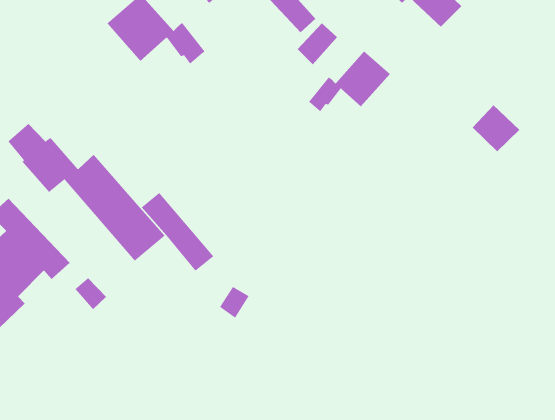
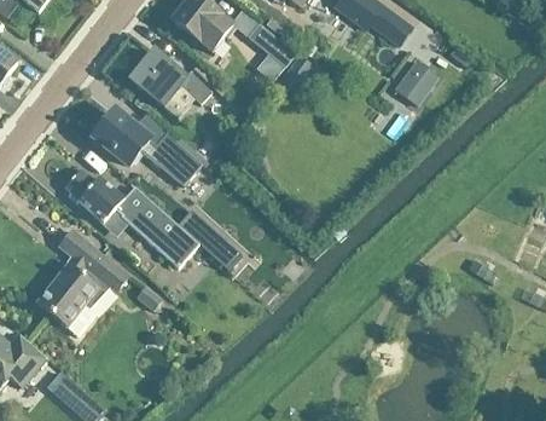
building: [308,51,391,112] -> none
building: none -> [94,111,202,184]
building: [472,105,520,152] -> [401,58,440,96]

